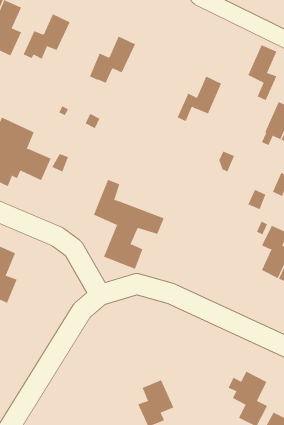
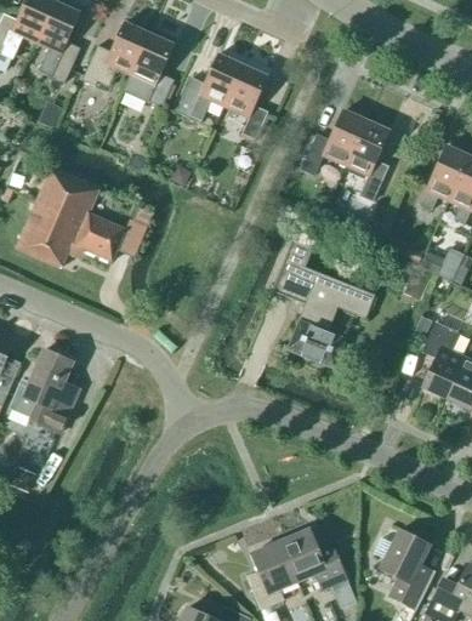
building: none -> [121,33,174,107]
building: none -> [223,64,268,138]
building: [247,45,277,101] -> [346,120,388,200]
building: [93,179,165,269] -> [273,238,375,366]
building: none -> [279,529,346,589]

